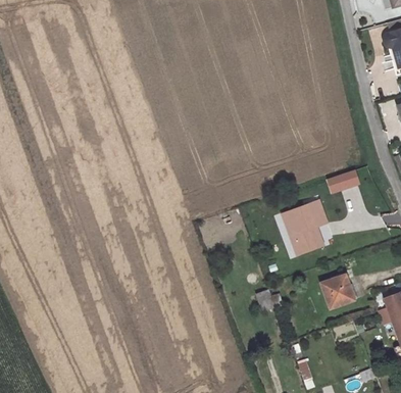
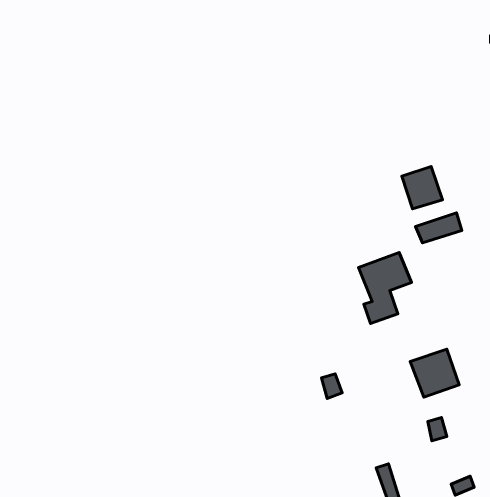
building: none -> [402,167,443,209]

